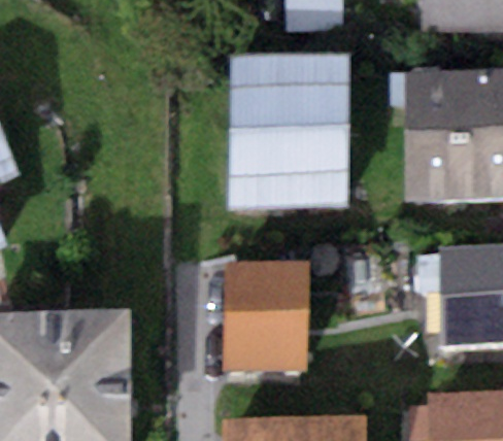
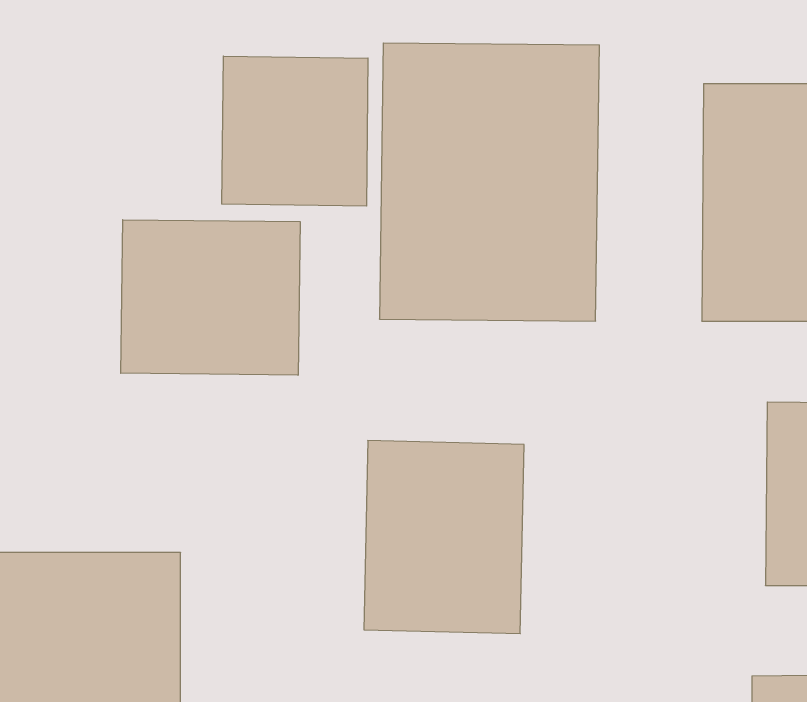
building: none -> [222,56,368,206]
building: none -> [121,220,300,375]

